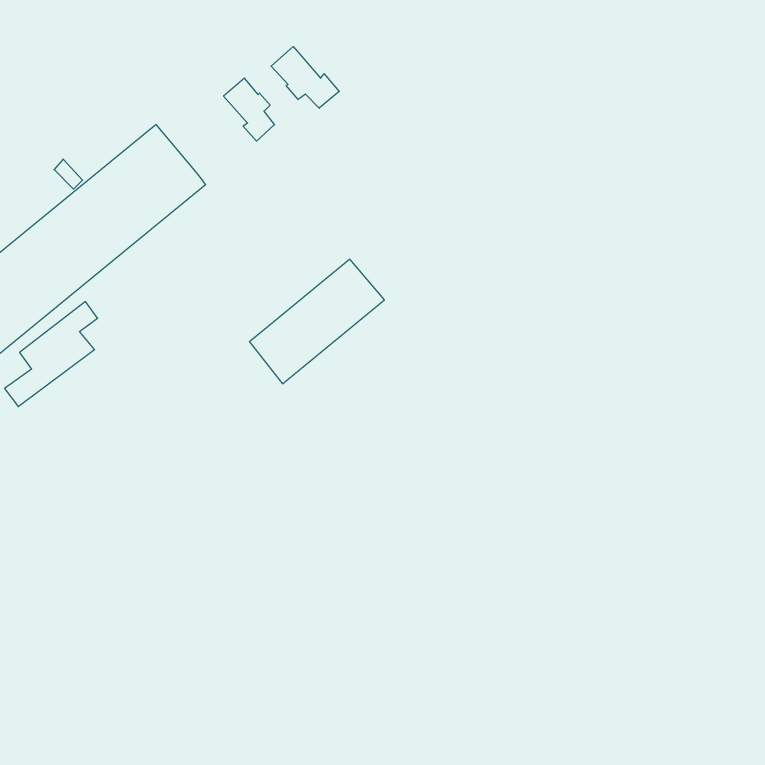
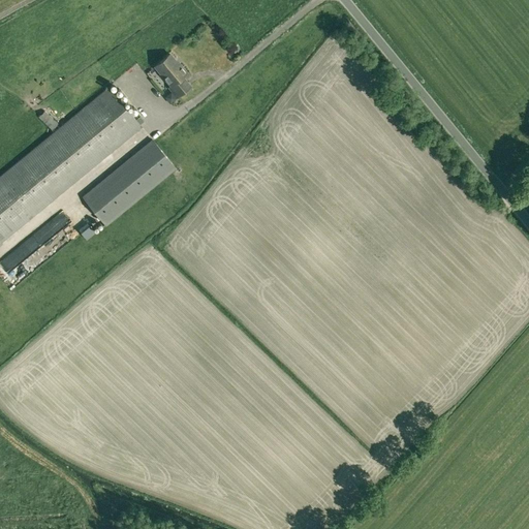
building: [271,47,339,108] -> none
building: [249,259,384,384] -> [82,139,175,225]

